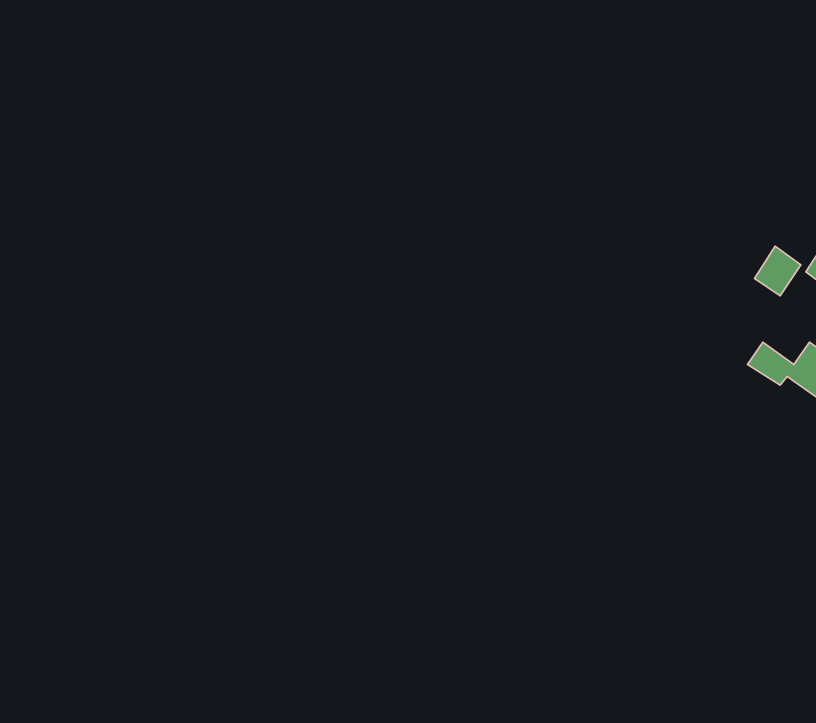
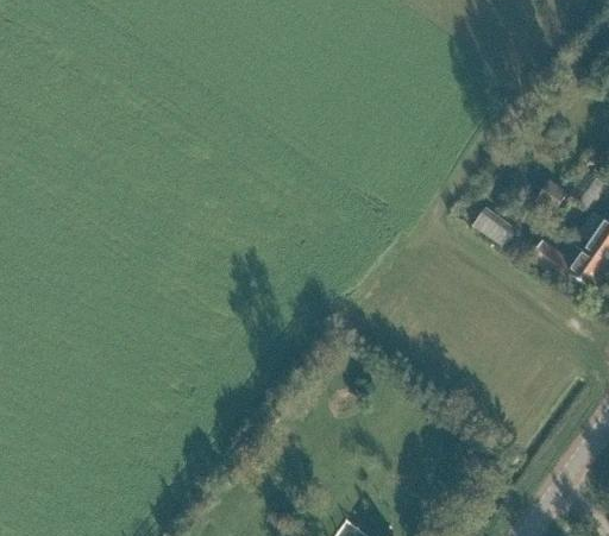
building: none -> [473,204,517,245]

